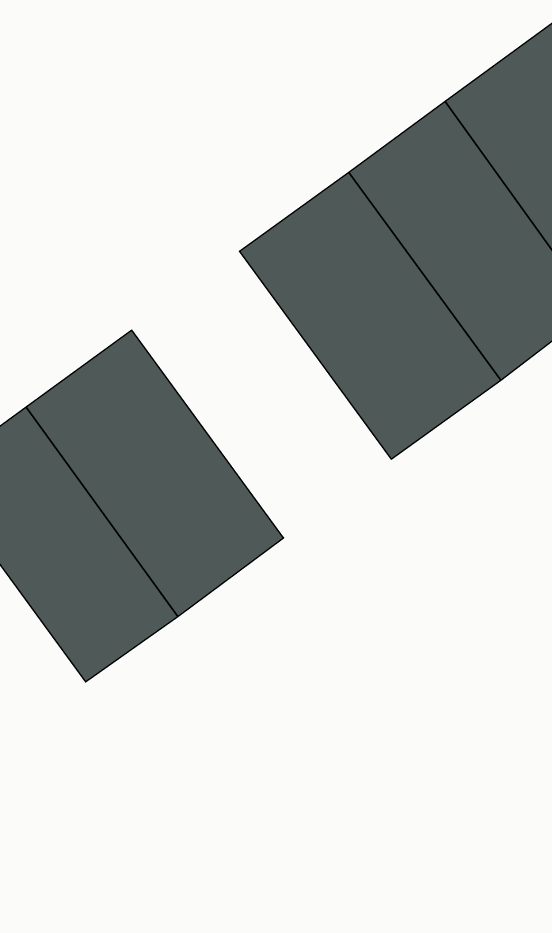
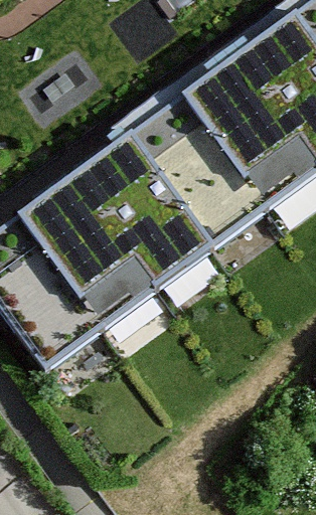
building: none -> [77,132,213,282]

